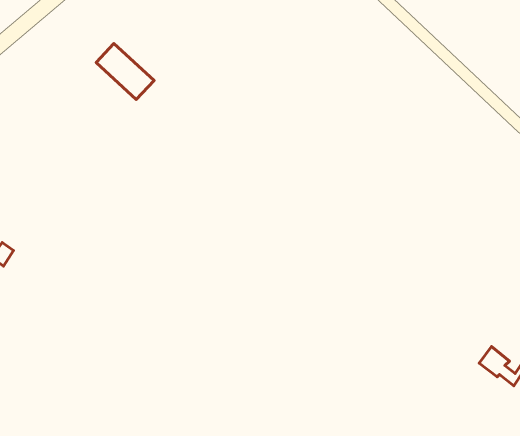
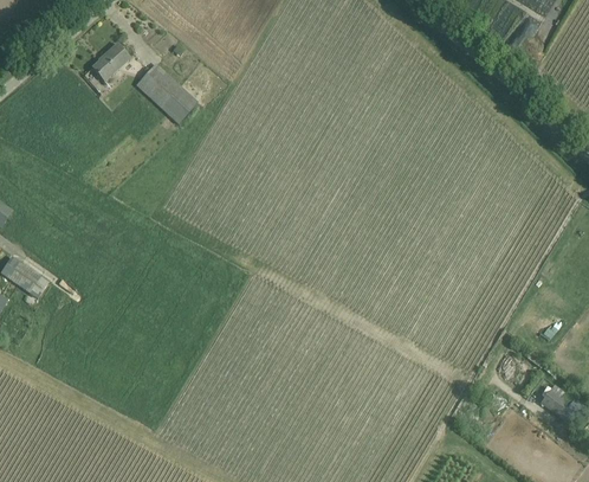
building: none -> [91,44,128,81]

